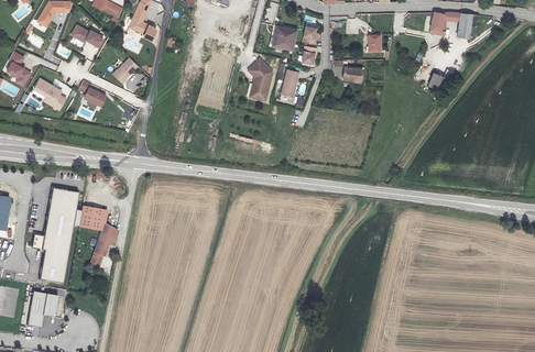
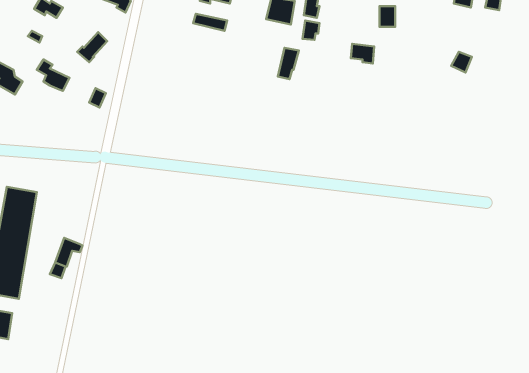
building: [248,58,273,100] -> none
building: [80,205,118,235] -> none

